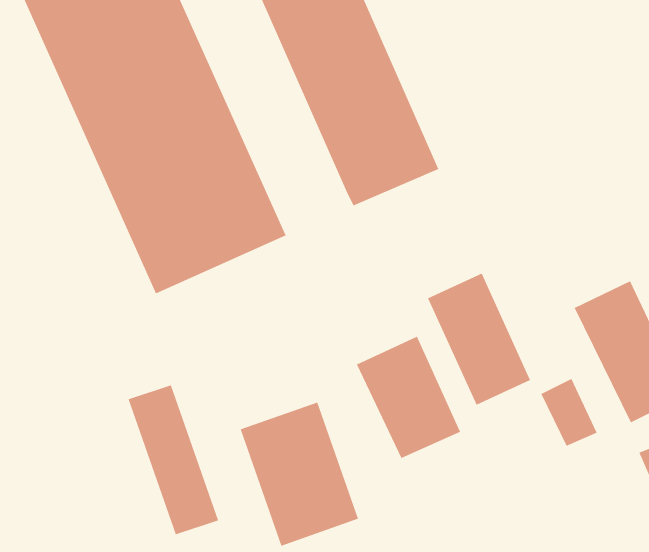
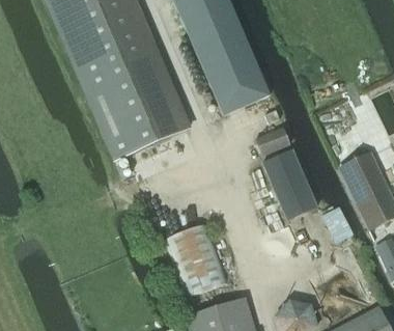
building: none -> [256,127,290,154]
building: [356,336,461,459] -> none
building: [128,384,219,535] -> none

